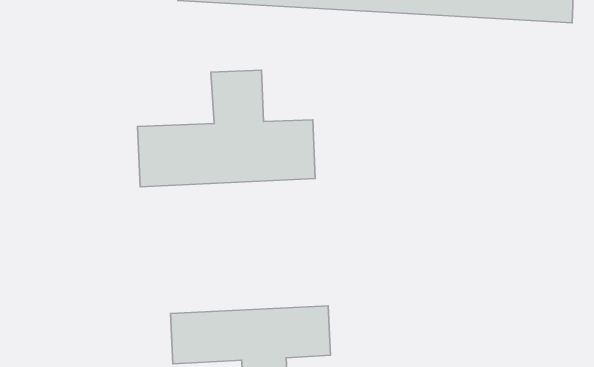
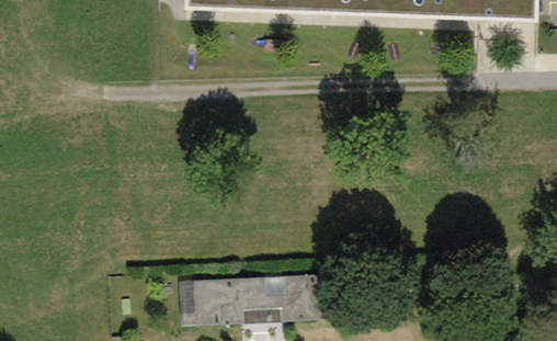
building: [138,70,315,187] -> none

